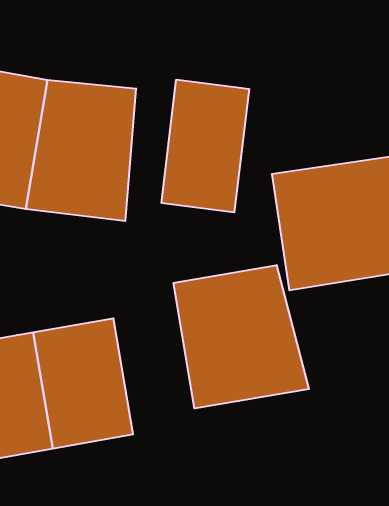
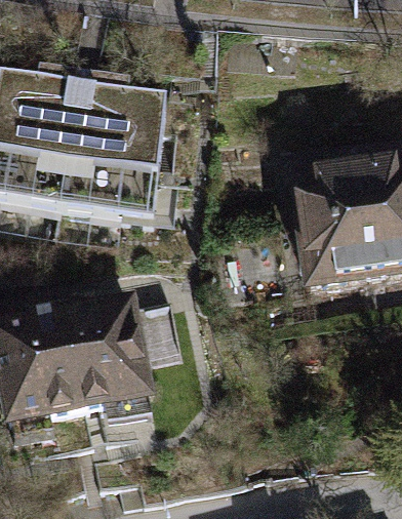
building: [162,80,249,212] -> none
building: [174,265,309,408] -> none

